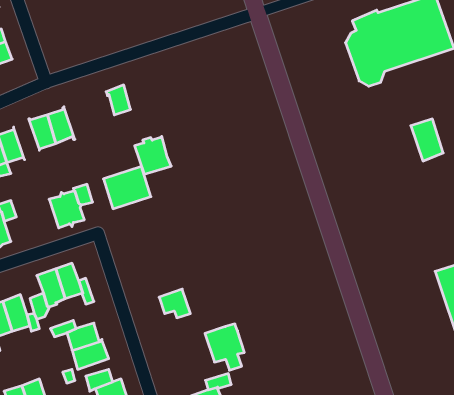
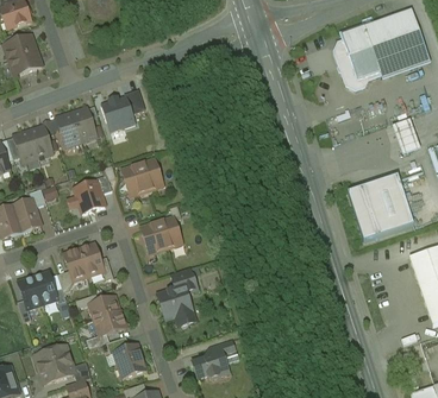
building: [135,136,171,174] -> [102,96,134,129]
building: none -> [349,177,411,239]
building: none -> [140,216,182,253]
building: [205,324,244,370] -> [157,285,192,326]

